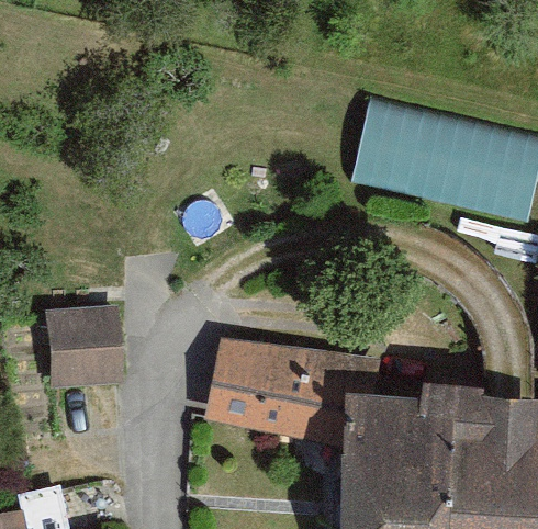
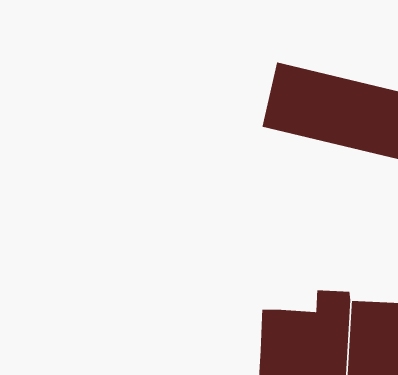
building: [56,312,123,393] -> none
building: [201,340,377,454] -> none

